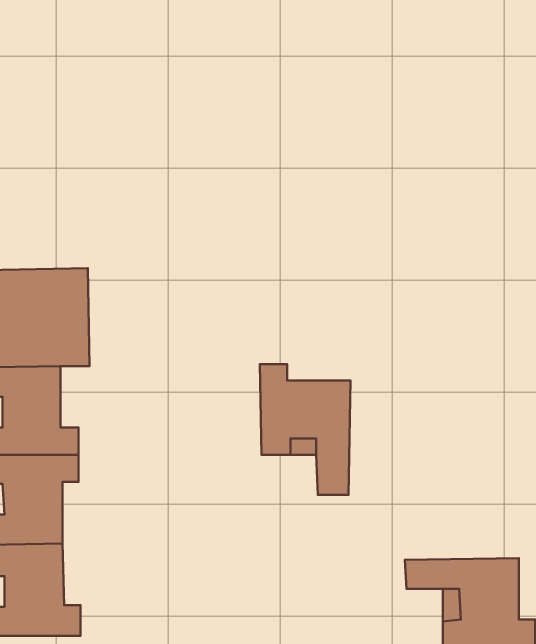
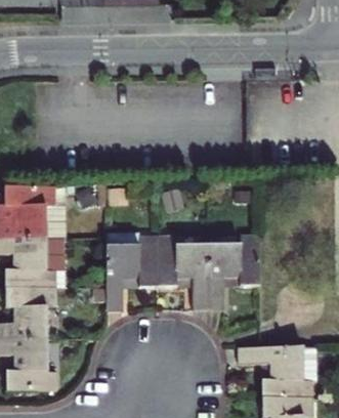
building: none -> [208,236,261,310]
building: none -> [107,237,159,311]

